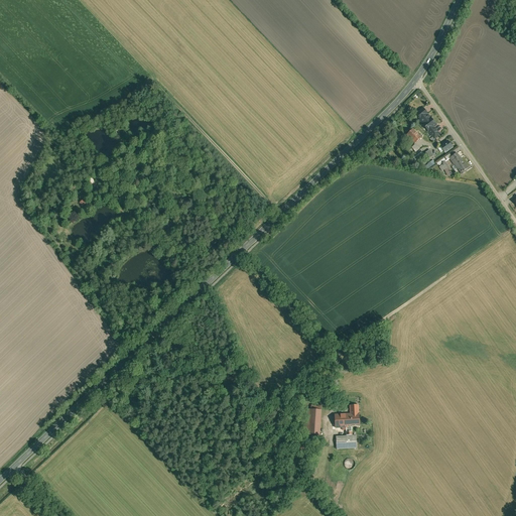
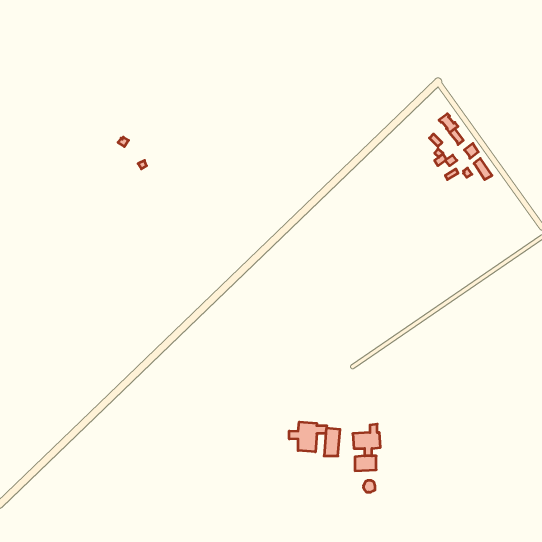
building: none -> [289,422,327,452]

